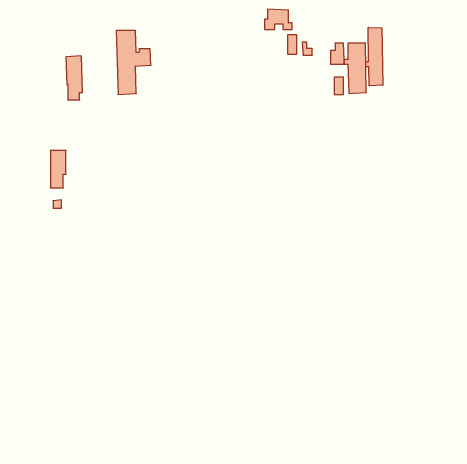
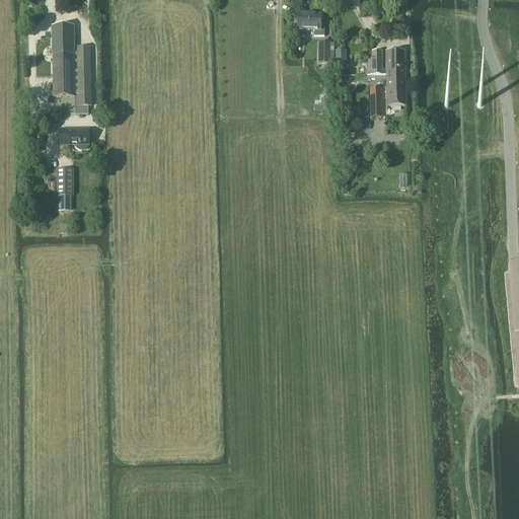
building: [366,27,383,86] -> none
building: [116,30,151,95] -> [53,23,91,94]
building: none -> [60,127,89,145]

